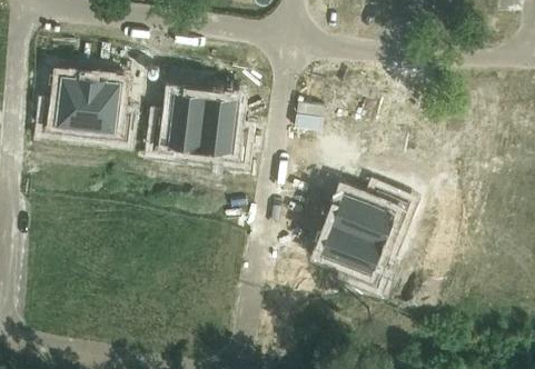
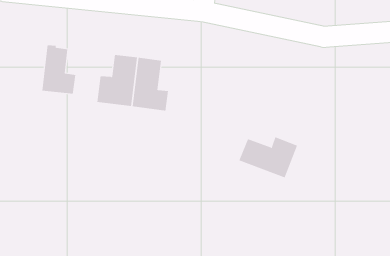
building: [43,74,91,134] -> none
building: [321,222,392,286] -> none

